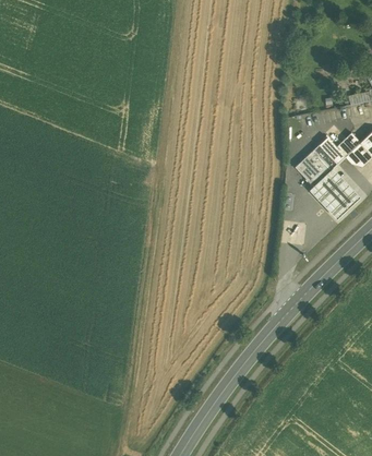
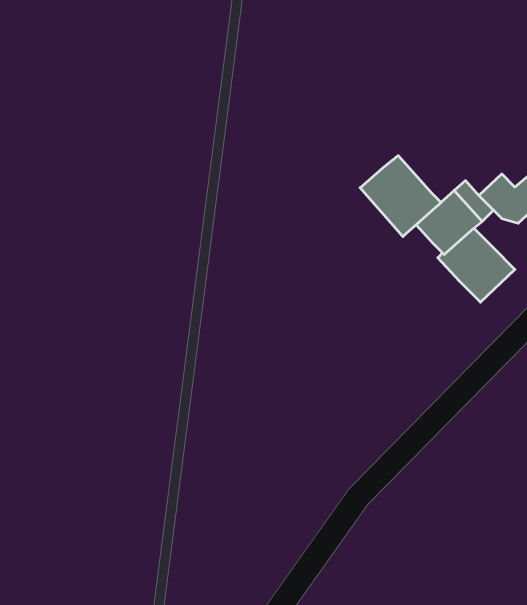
building: none -> [360,156,441,237]

